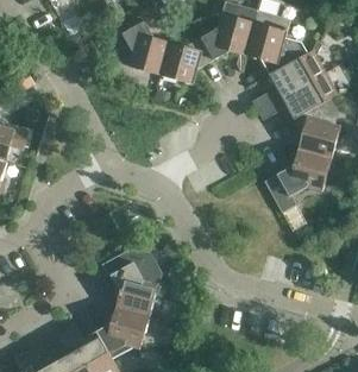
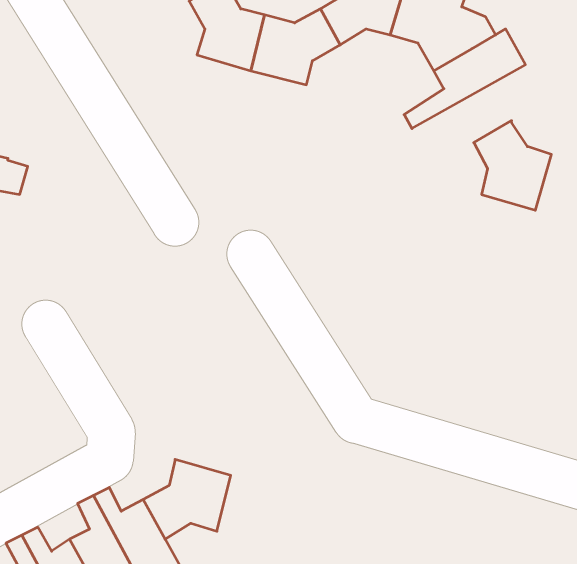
building: [256,72,337,121] -> none
building: [263,150,329,213] -> none
building: [109,253,159,317] -> none

